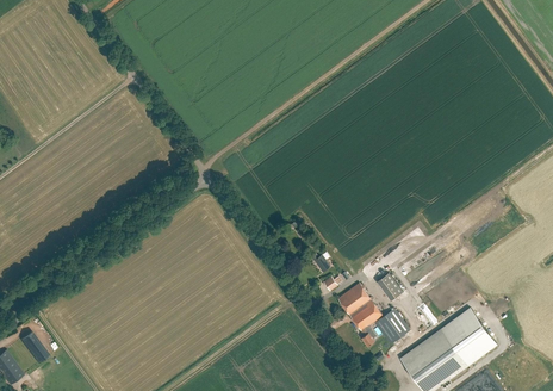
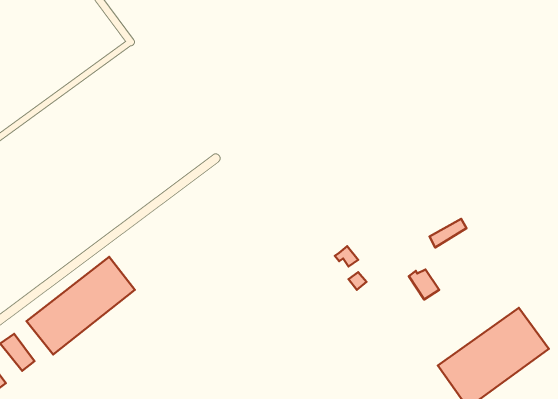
building: none -> [26,257,135,354]
building: [338,283,410,346] -> none

